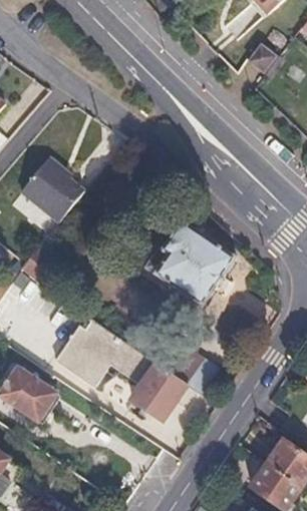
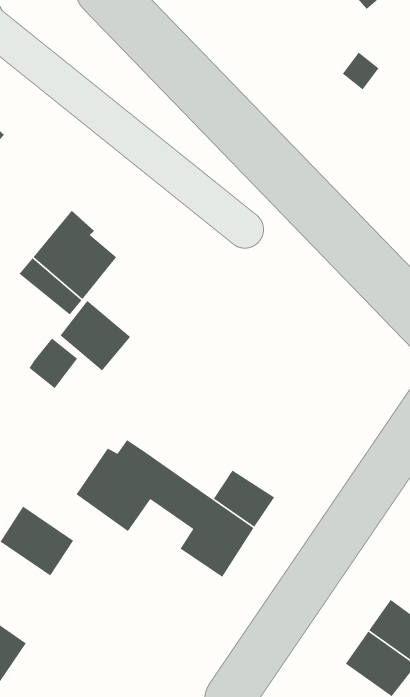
building: [145,218,239,306] -> none
building: none -> [60,300,131,372]

